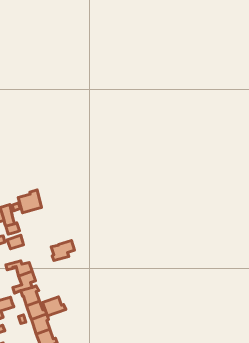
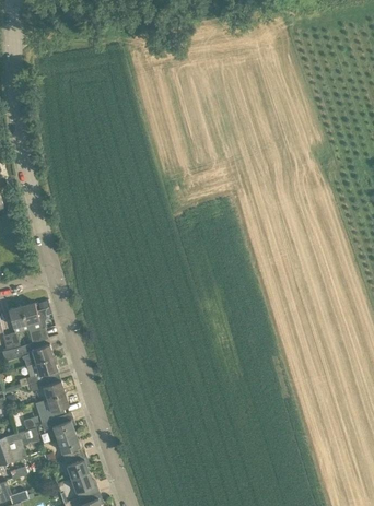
building: [18,190,42,213] -> none
building: [51,240,75,261] -> [25,358,57,386]
building: [42,297,66,316] -> none

